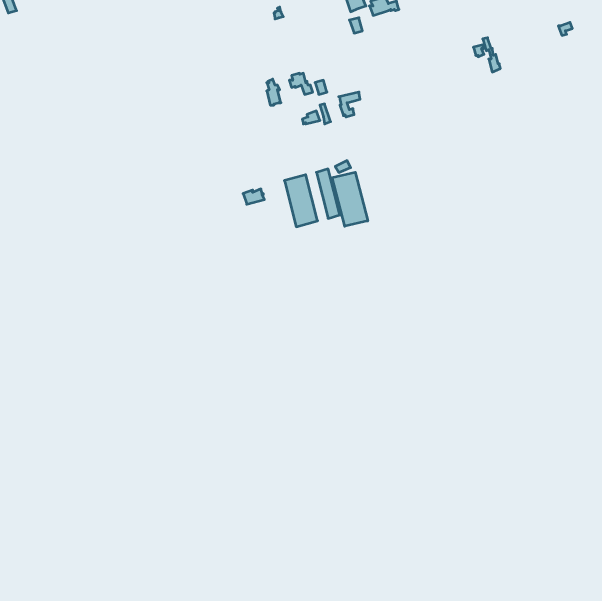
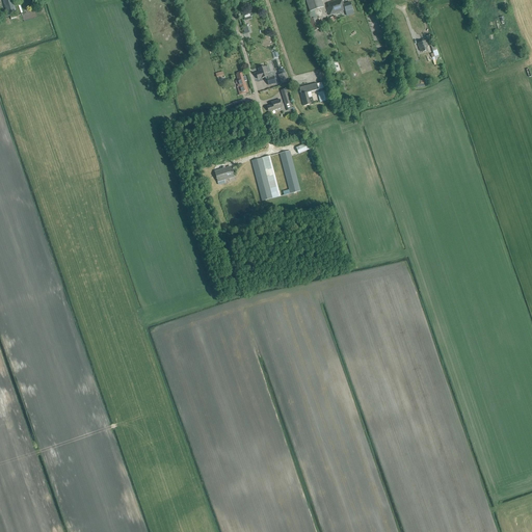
building: [332,172,368,226] -> none

